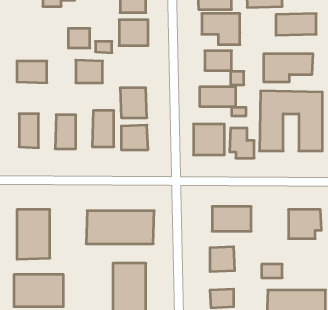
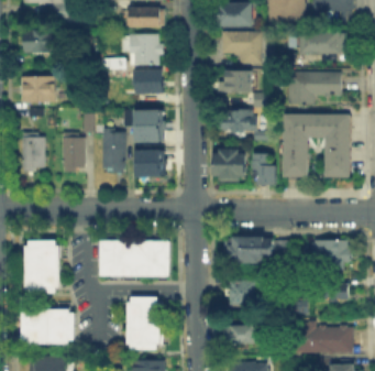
building: [68,28,90,48] -> [30,34,53,55]
building: [76,60,103,83] -> [140,74,168,98]
building: none -> [315,282,348,301]

